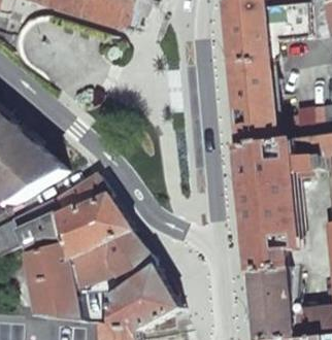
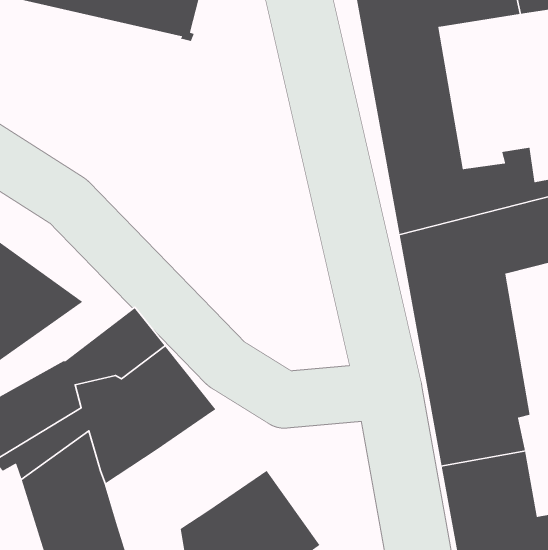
building: [69,232,155,287] -> none

